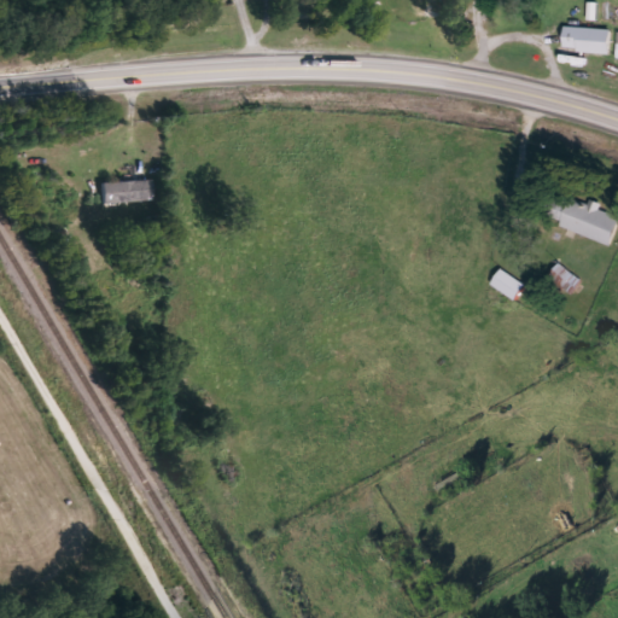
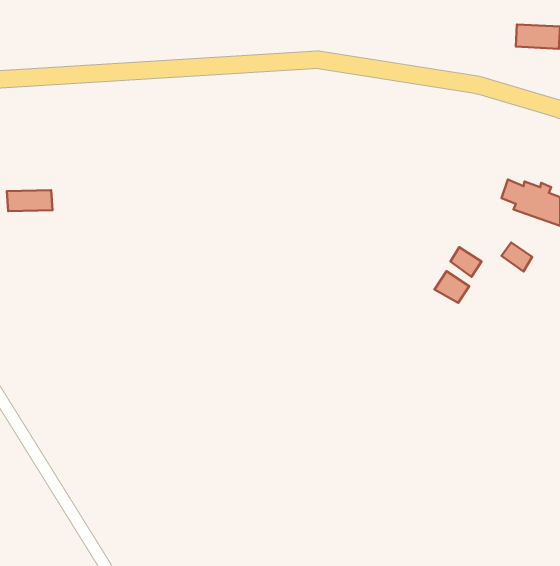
building: [98,181,147,204] -> [7,190,52,211]
building: none -> [435,271,469,303]

